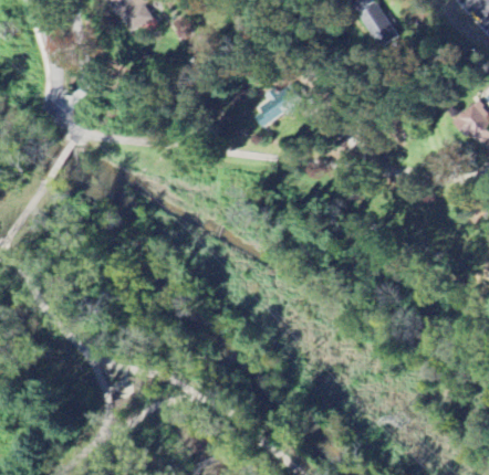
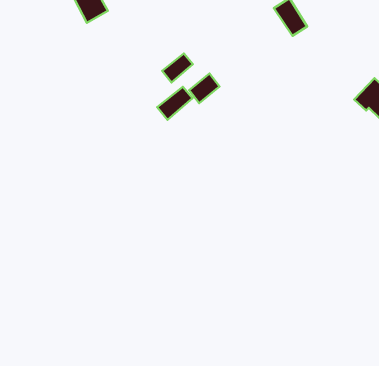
building: none -> [162,53,193,82]
building: none -> [157,87,193,120]

